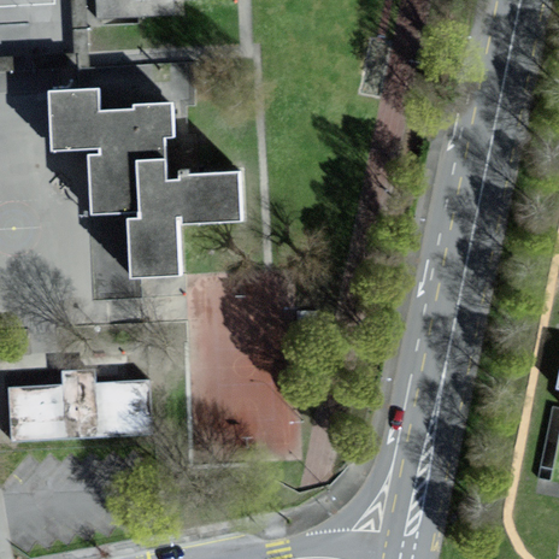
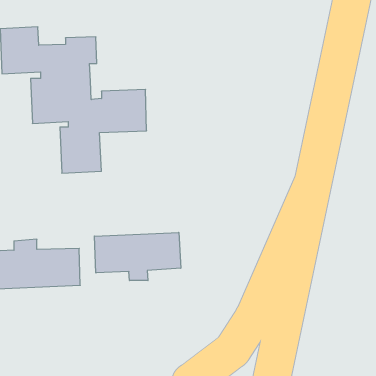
building: none -> [94,232,181,281]

